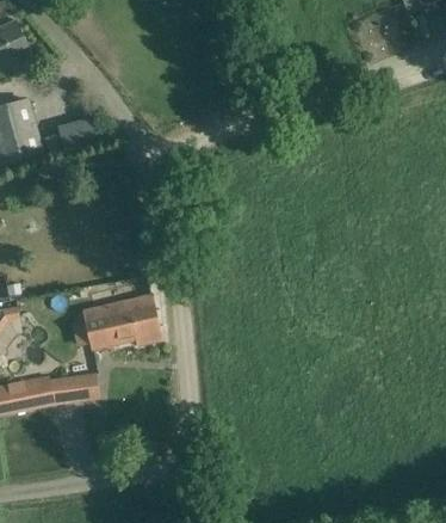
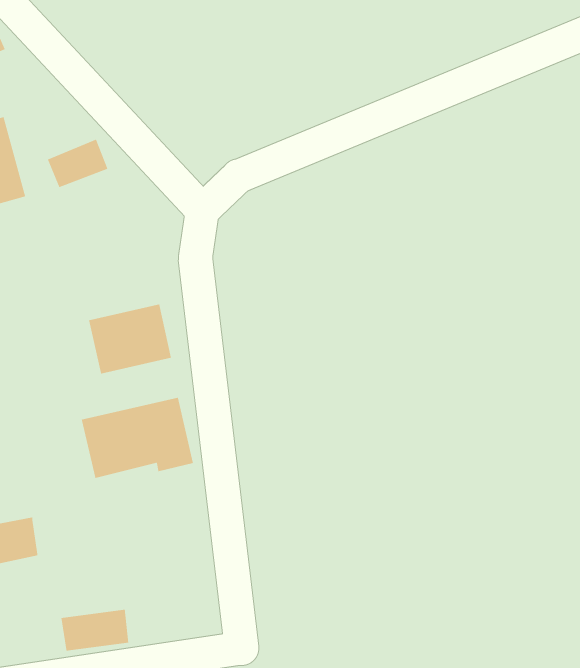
building: none -> [88,304,172,374]
building: [49,374,97,404] -> [61,609,129,652]

